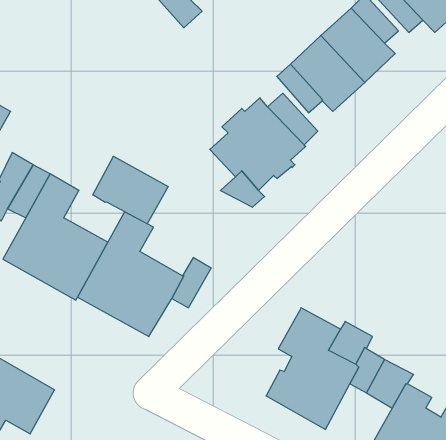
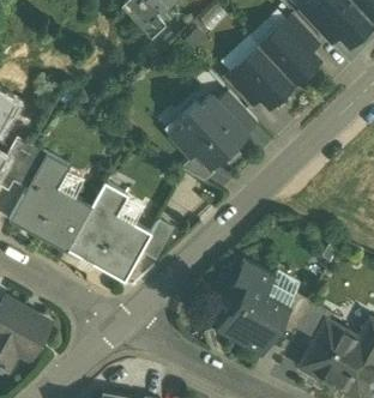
building: [93,156,168,224] -> none

